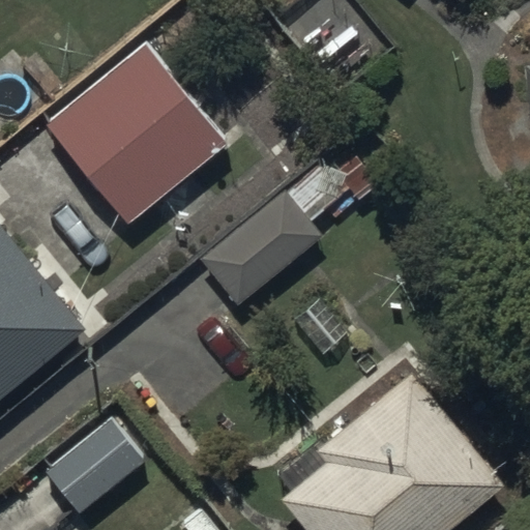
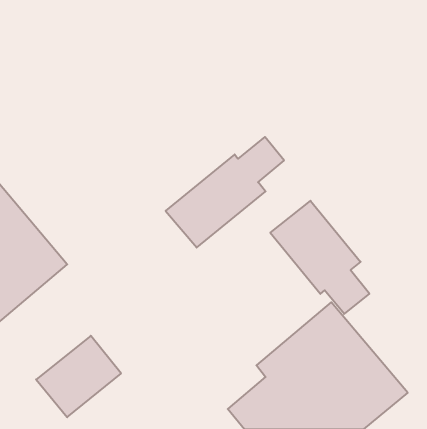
building: [41,39,226,224] -> none
building: none -> [270,201,369,314]

